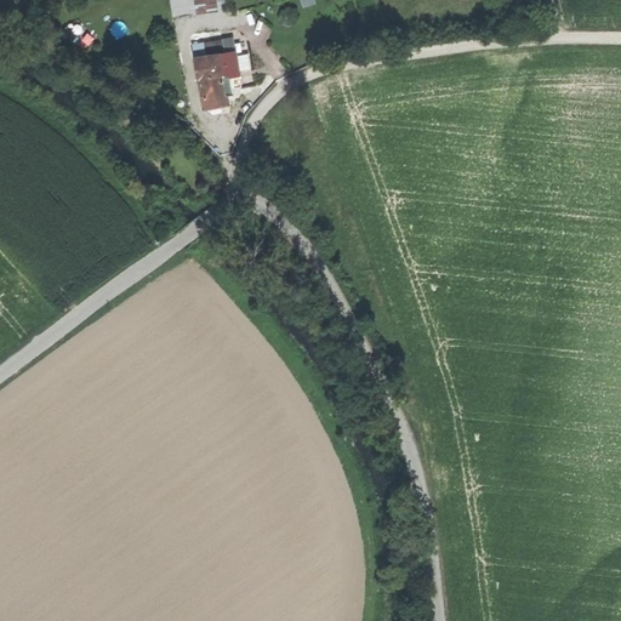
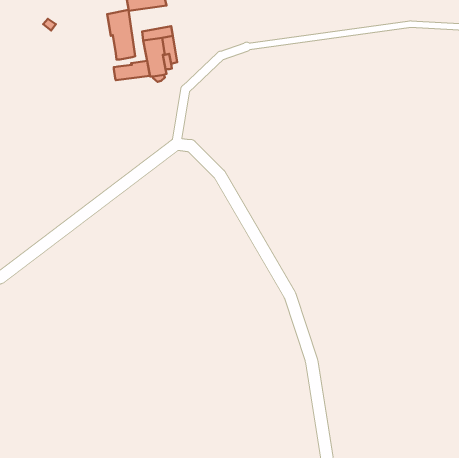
building: none -> [107,10,135,59]
building: none -> [114,61,150,80]

